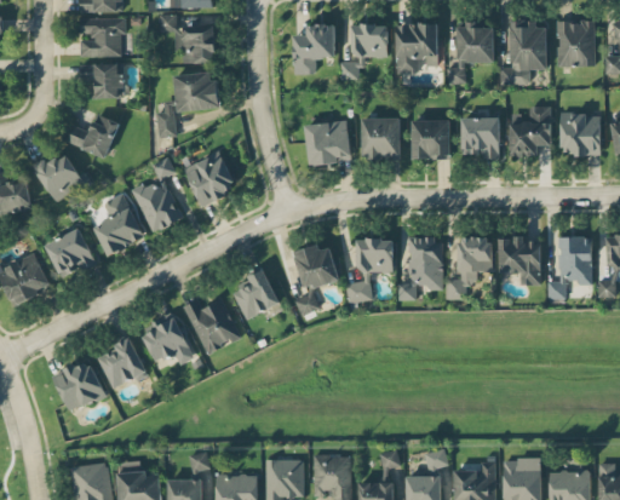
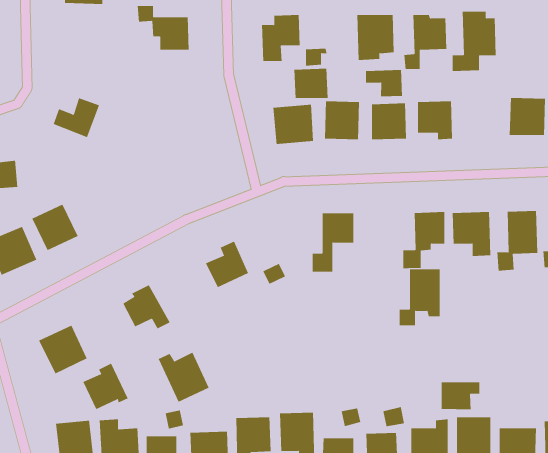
building: [80,18,126,57] -> none
building: [557,21,595,67] -> none
building: [351,24,389,57] -> [294,68,328,99]
building: [81,63,124,99] -> none
building: [156,71,220,137] -> none
building: none -> [366,69,402,97]
building: [510,107,551,156] -> none
building: [35,151,91,202] -> none
building: [184,153,237,206] -> none
building: [132,157,183,232] -> none
building: [93,194,145,257] -> none
building: [398,238,443,300] -> [399,269,440,326]
building: [294,245,339,289] -> none
building: [184,299,240,354] -> [158,352,210,402]
building: [98,338,148,389] -> [82,363,128,410]
building: none -> [441,381,480,410]

